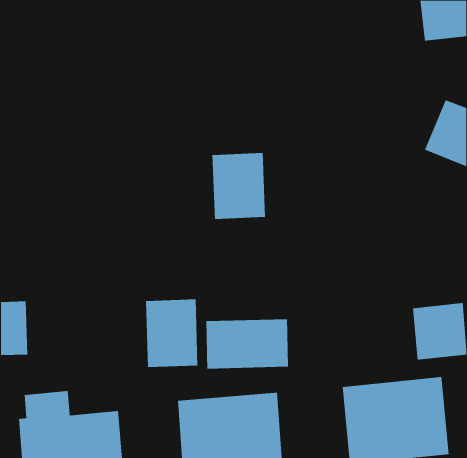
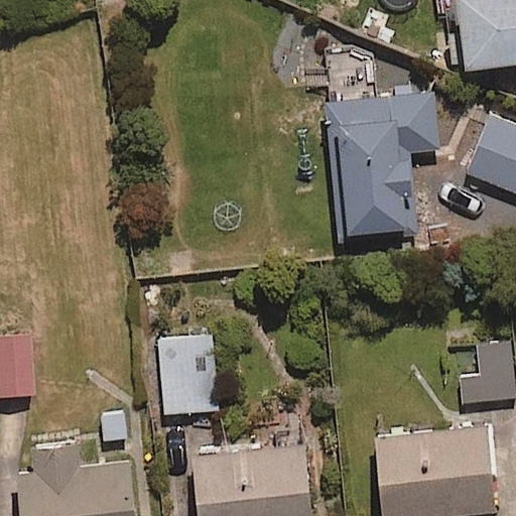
building: none -> [306,50,438,241]
building: [212,152,266,220] -> none
building: [206,318,288,369] -> none

